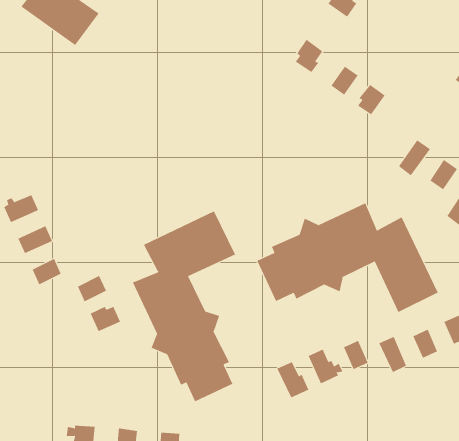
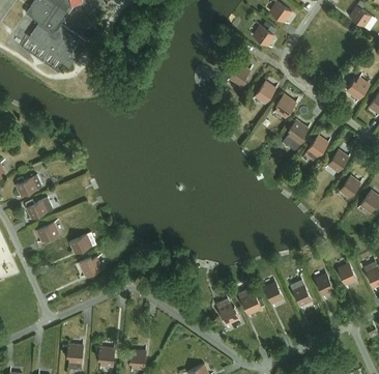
building: none -> [283,119,308,150]
building: [256,203,438,313] -> none
building: [132,211,236,402] -> none

